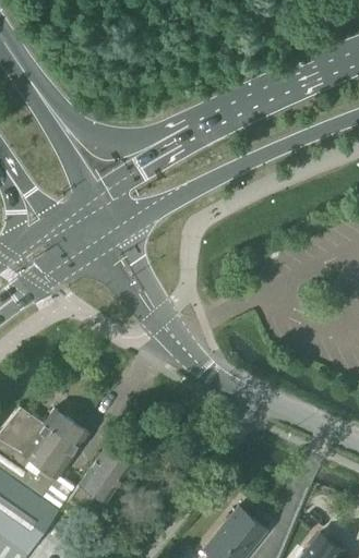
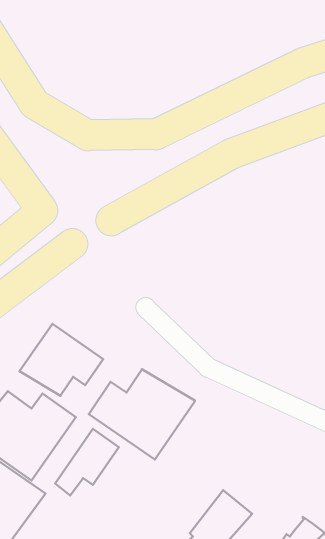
building: none -> [20,324,103,396]
building: none -> [89,369,195,459]

